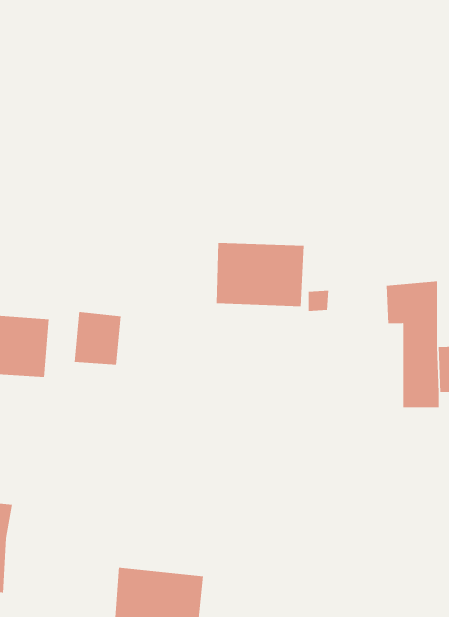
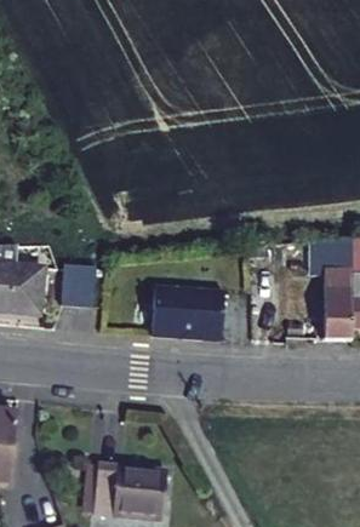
building: [216,242,305,307] -> [148,282,218,333]

